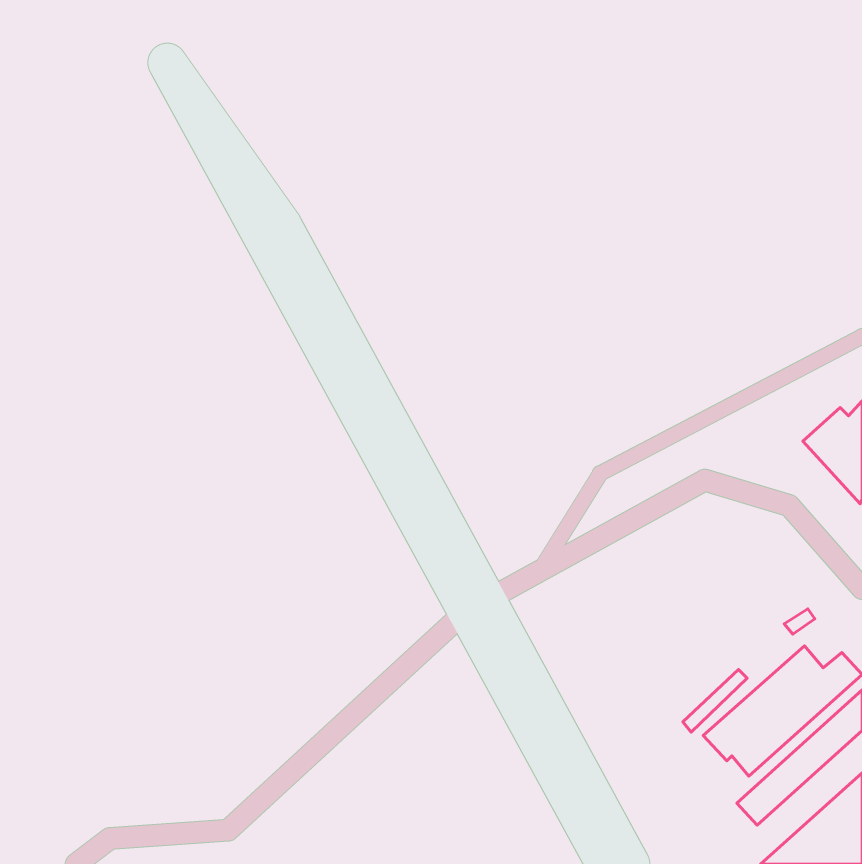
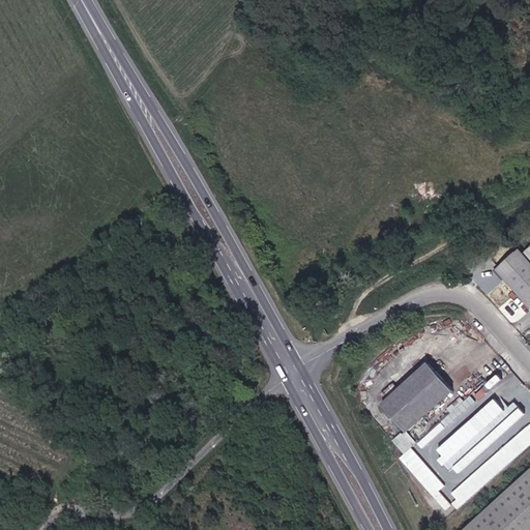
building: none -> [386,365,455,433]

